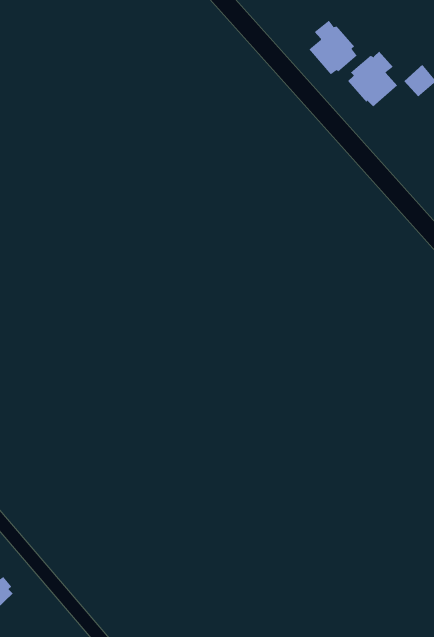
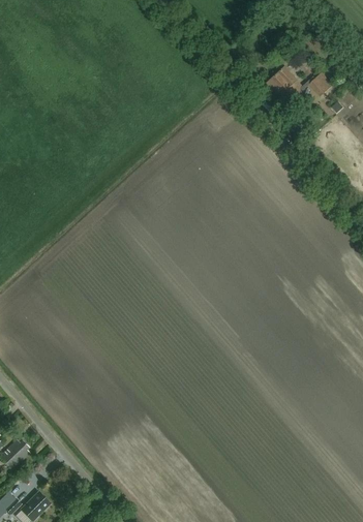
building: [308,20,358,75] -> none

